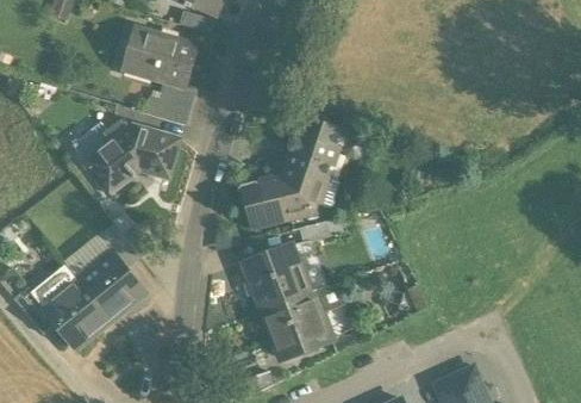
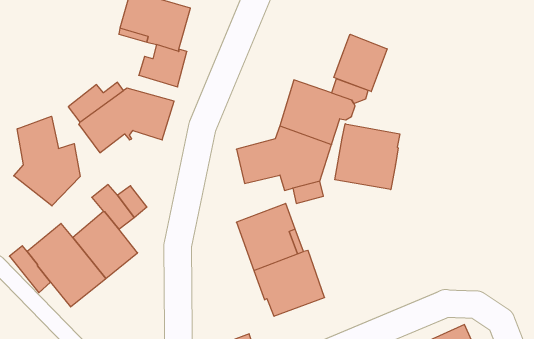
building: none -> [334,34,387,92]
building: none -> [14,116,80,206]
building: none -> [335,124,400,190]

